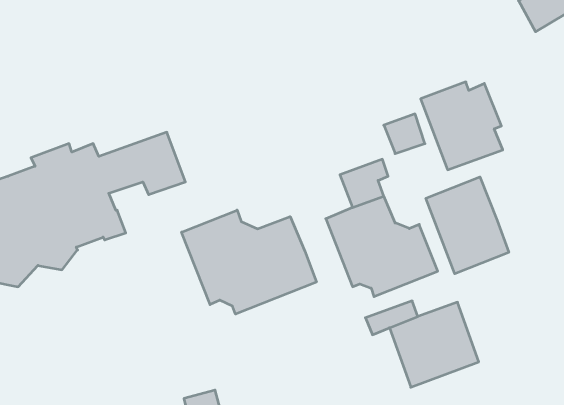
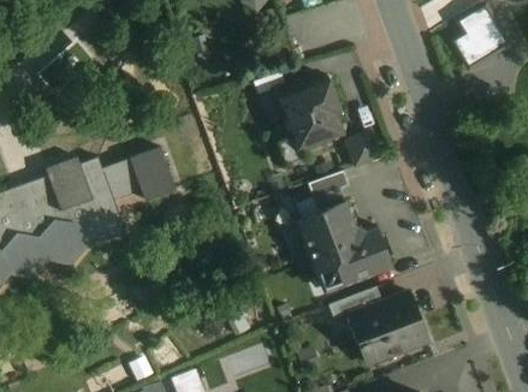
building: [421,82,503,170] -> [269,67,339,142]
building: [426,177,509,274] -> none
building: [182,210,316,314] -> none

